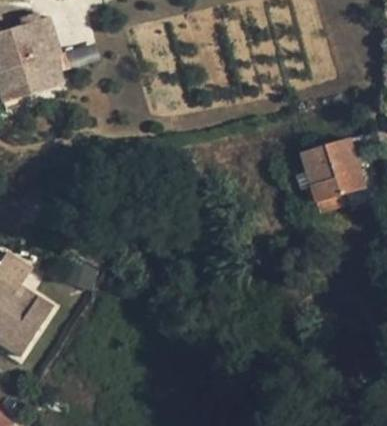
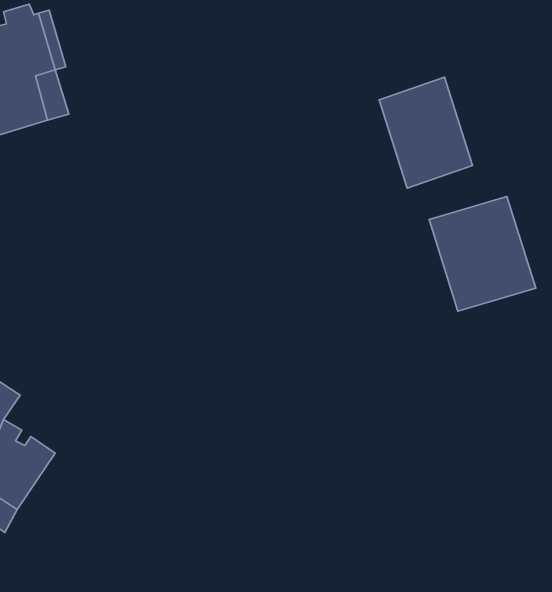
building: none -> [379,77,473,188]

